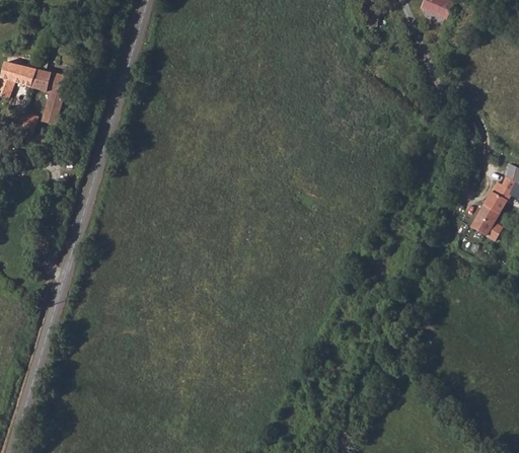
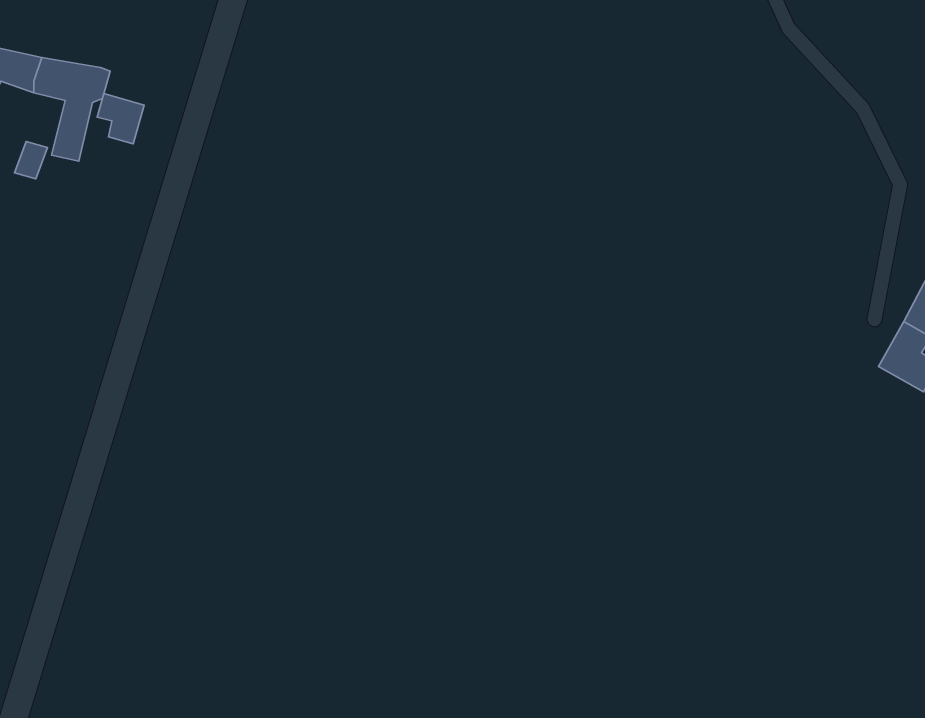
building: none -> [97,94,144,144]

